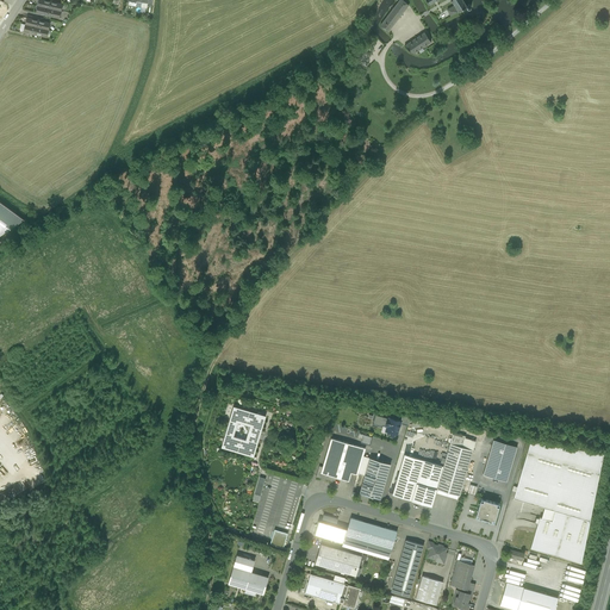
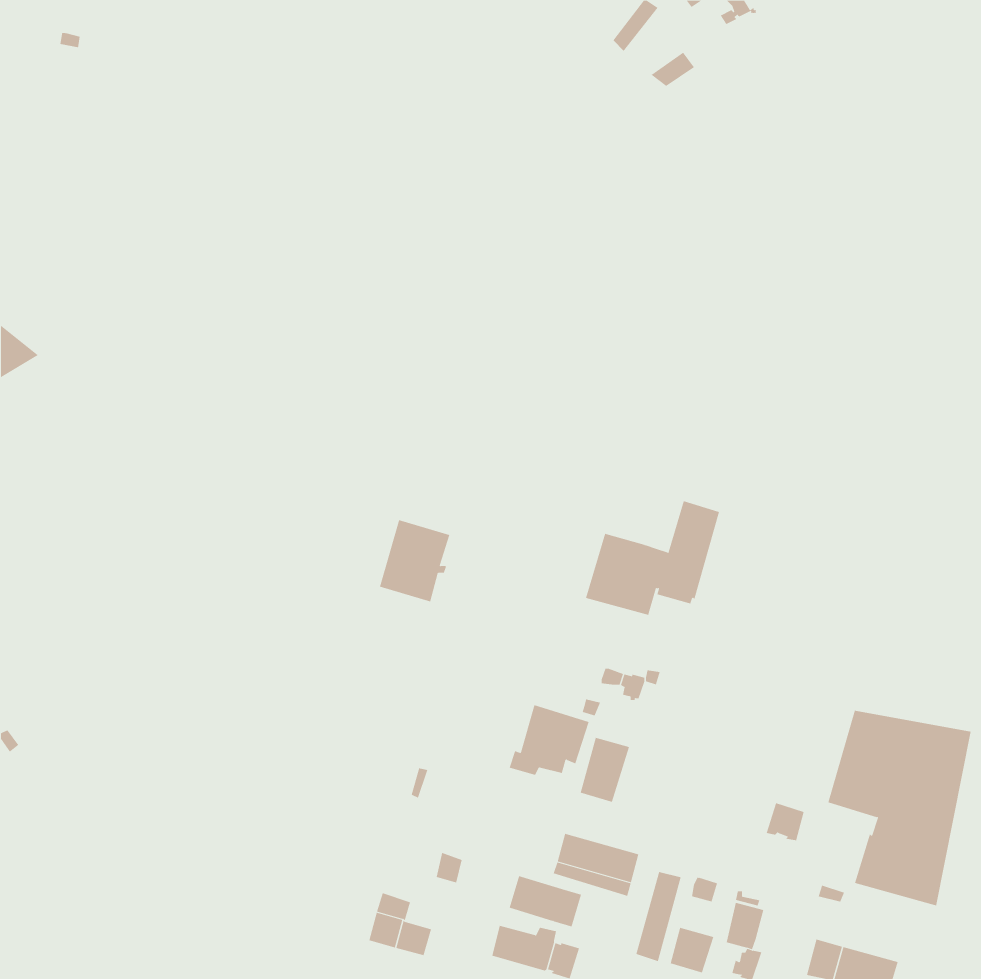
building: [222,406,266,458] -> [379,520,450,602]
building: [392,435,475,506] -> [585,500,720,616]
building: [484,441,516,483] -> none

